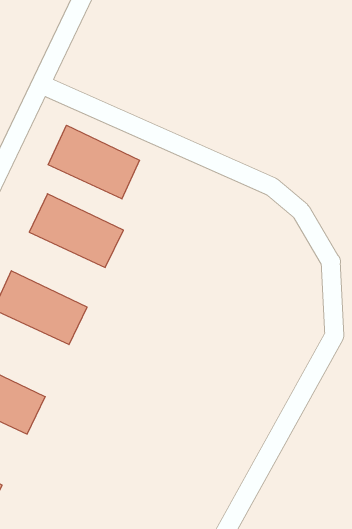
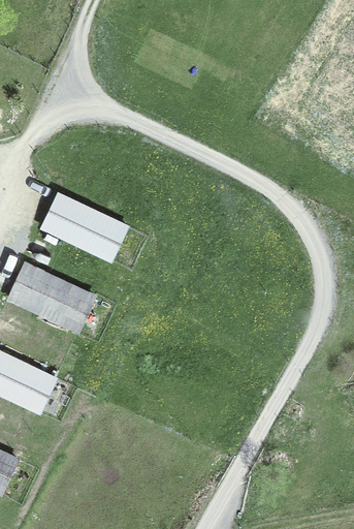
building: [48,125,140,199] -> none

